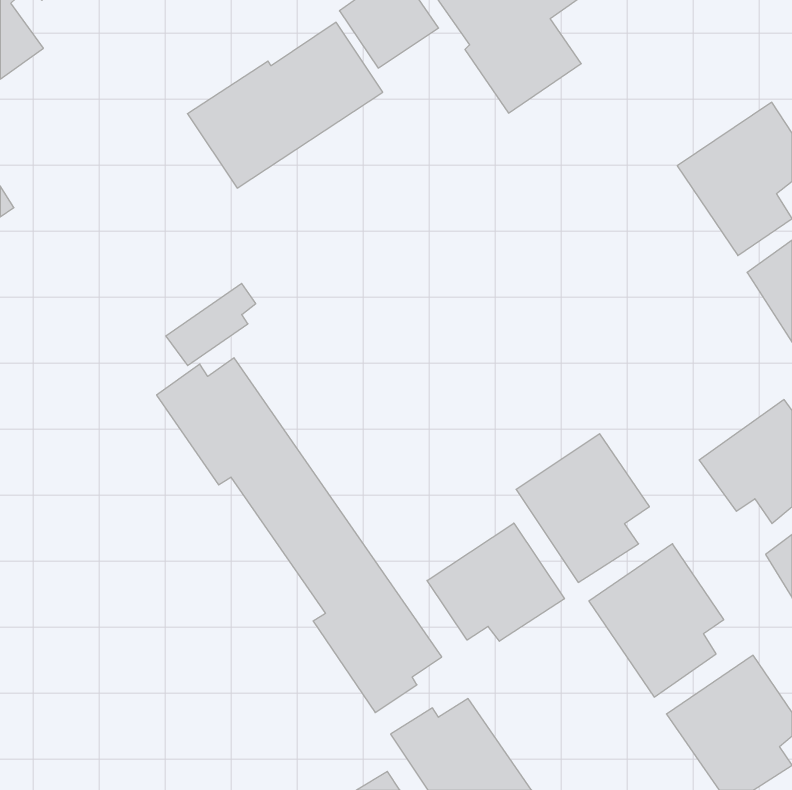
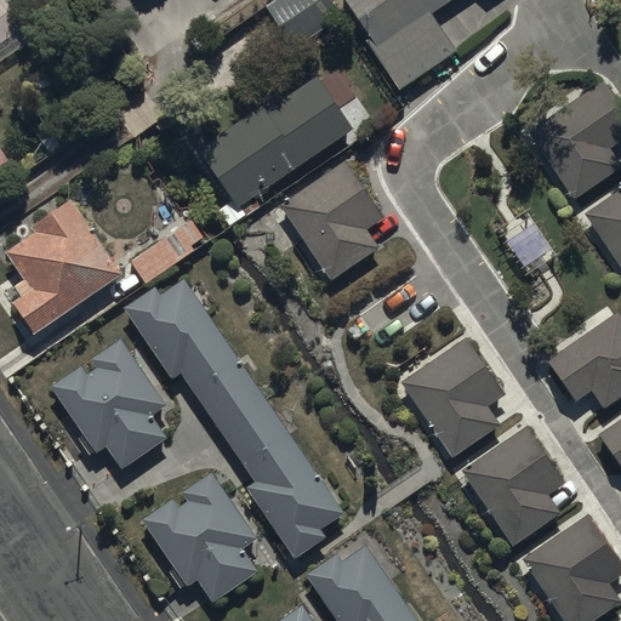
building: [187,22,383,188] -> [200,76,353,206]
building: none -> [278,160,382,280]
building: none -> [5,200,121,334]
building: none -> [52,338,167,469]
building: [427,523,564,641] -> none
building: none -> [141,472,260,604]

